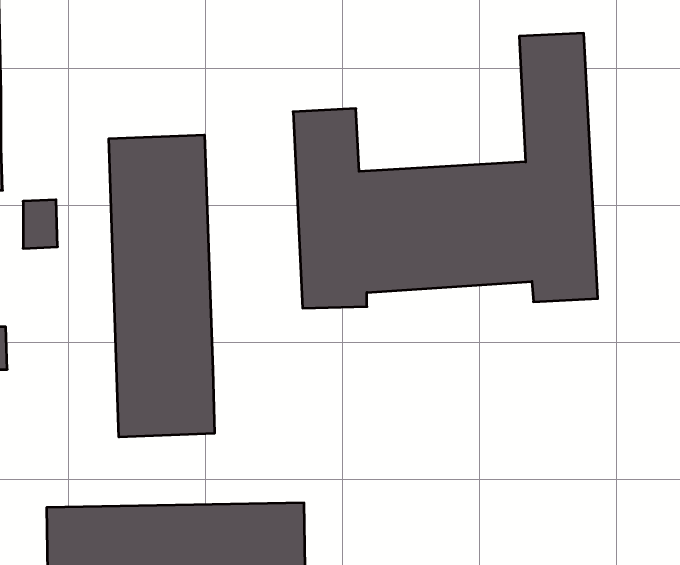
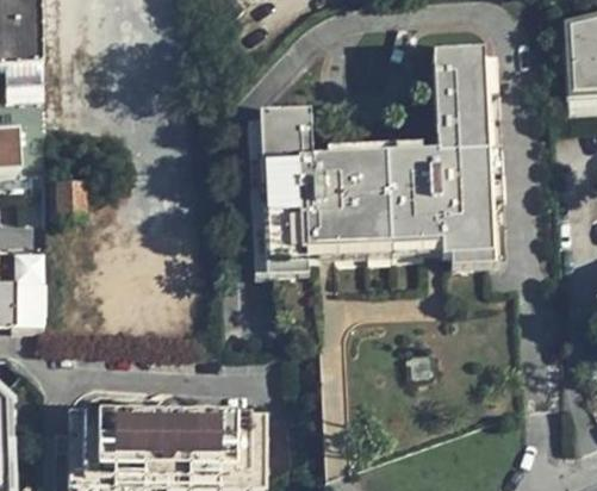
building: [109,135,214,437] -> none

